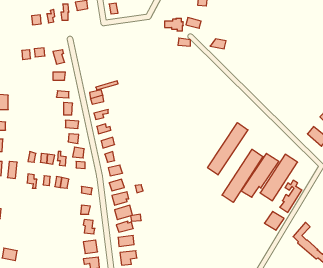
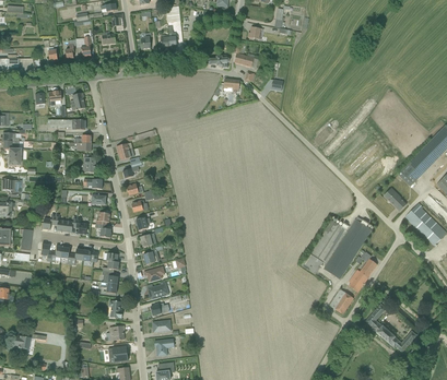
building: [208,123,248,175] -> none
building: [222,149,263,202] -> none

